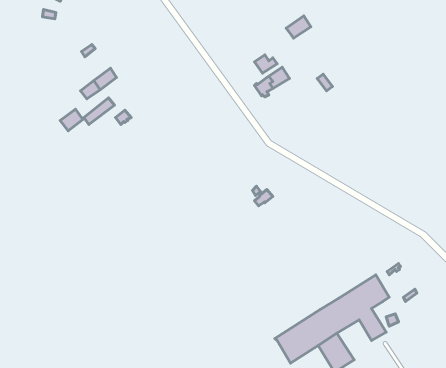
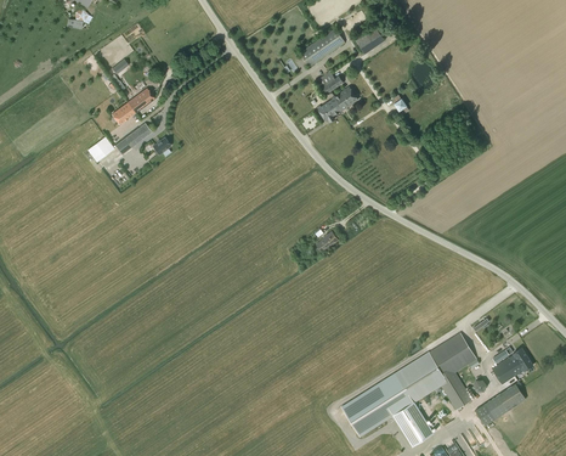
building: none -> [299,27,345,66]
building: none -> [492,347,533,383]
building: none -> [475,382,526,424]

